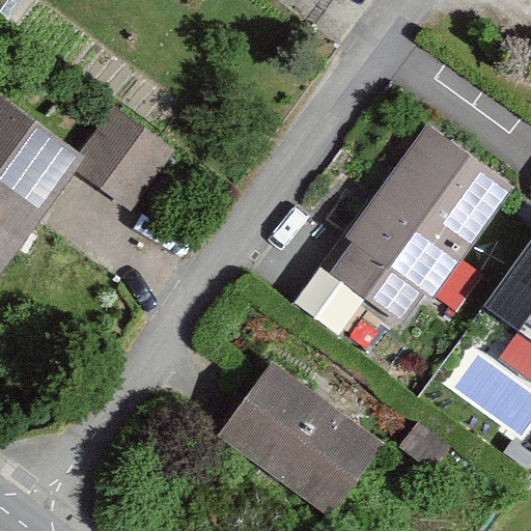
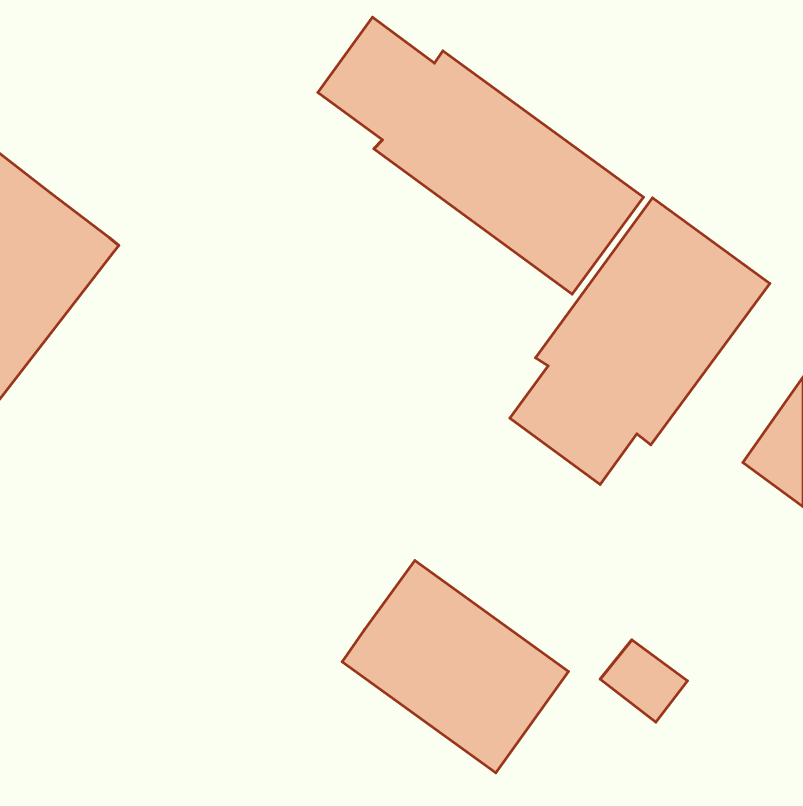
building: none -> [318,17,643,294]
building: [74,110,169,205] -> none

